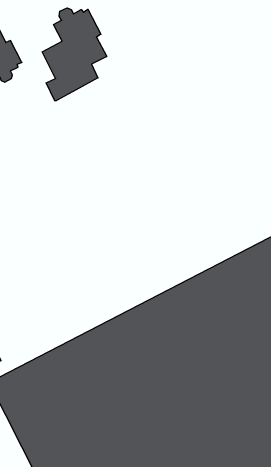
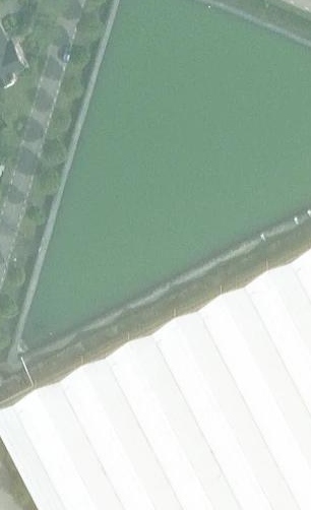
building: [42,8,107,101] -> none

